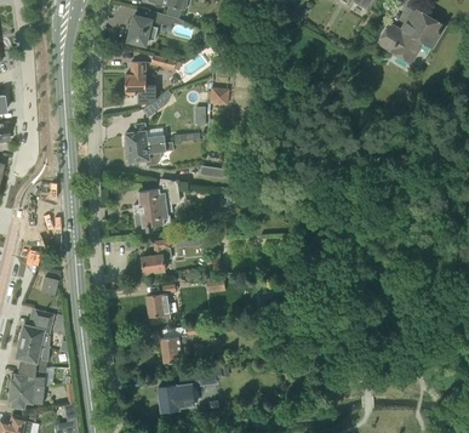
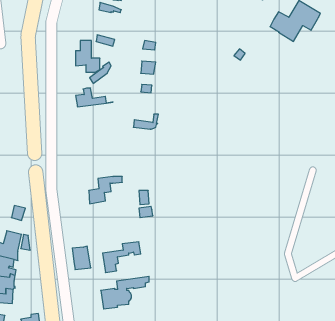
building: [127,15,158,46] -> none
building: [127,142,173,163] -> none
building: [135,178,181,233] -> none
building: [147,294,171,324] -> [72,246,91,270]

